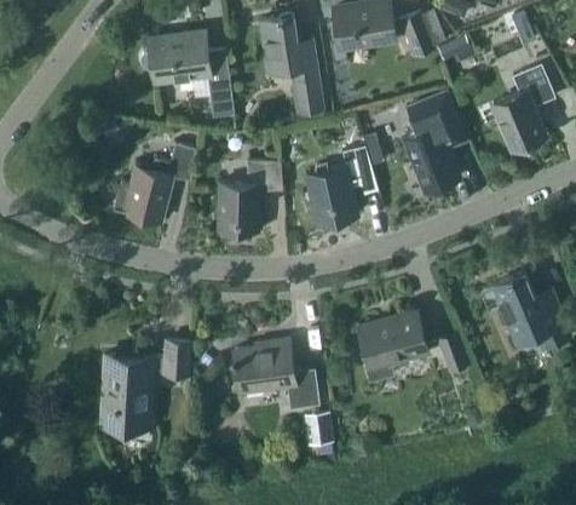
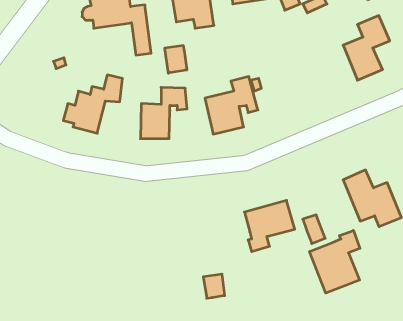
building: [292,78,322,115] -> [165,46,187,73]
building: [403,93,462,191] -> none
building: [99,340,189,440] -> none
building: [232,340,318,409] -> none
building: none -> [310,230,360,293]

